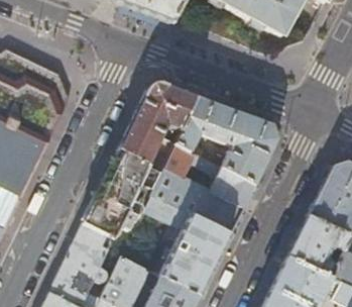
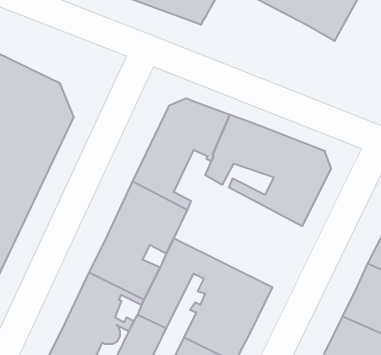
building: [151,143,255,234] -> none

